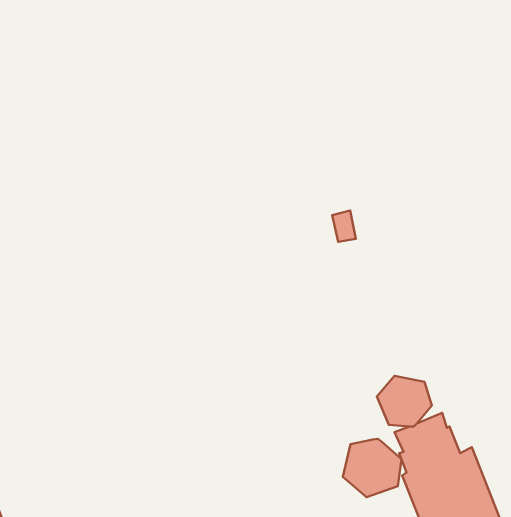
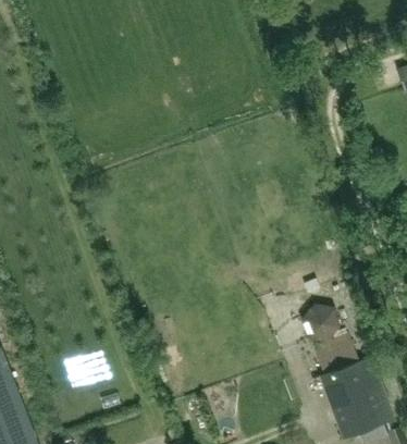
building: [343,439,401,497] -> none

